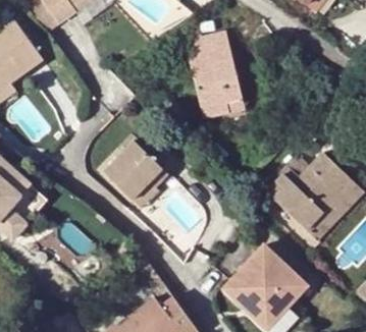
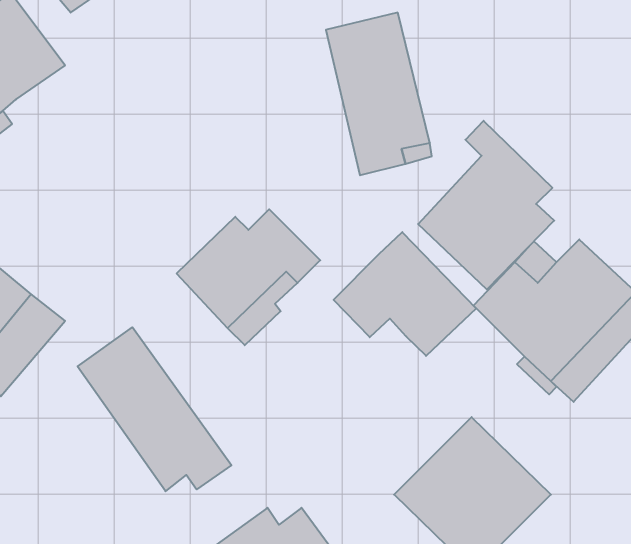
building: none -> [418,121,554,289]
building: none -> [334,232,476,356]
building: none -> [78,327,231,491]

